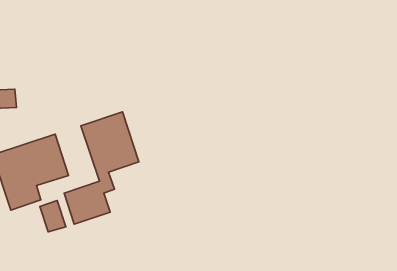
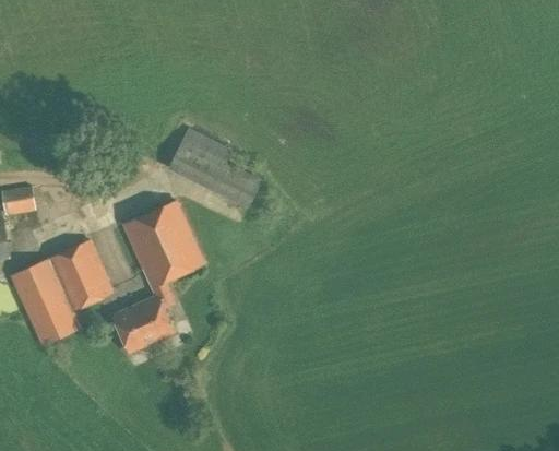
building: none -> [169,140,262,206]
building: [40,201,66,232] -> none

